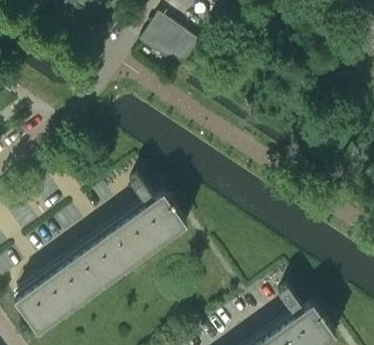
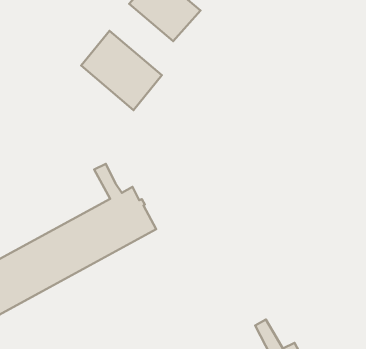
building: none -> [81,31,162,110]

